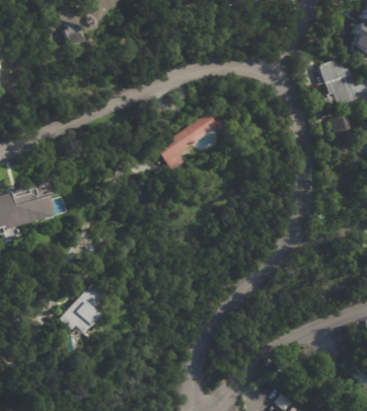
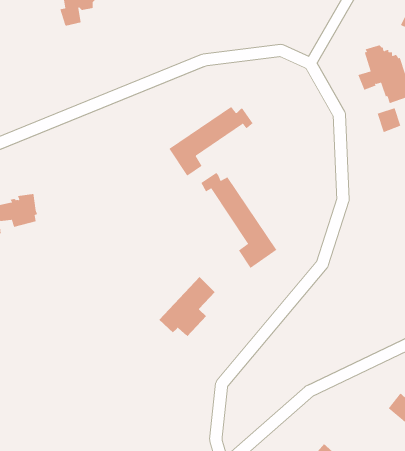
building: none -> [201,172,277,269]
building: [60,286,107,337] -> [158,276,215,337]

